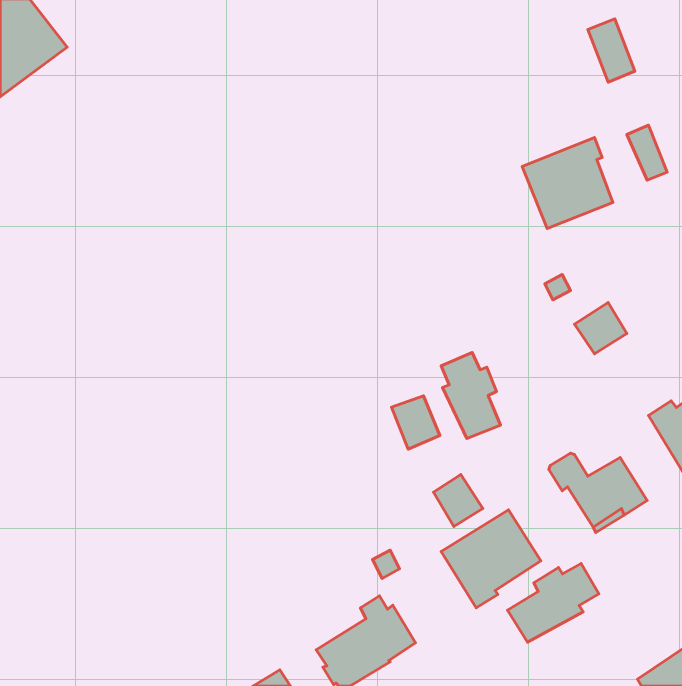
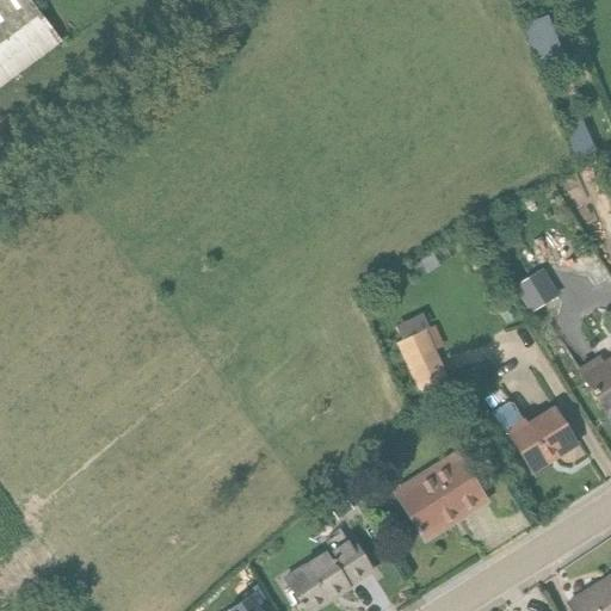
building: [522,138,613,229] -> none
building: [391,396,440,449] -> none
building: [434,475,483,527] -> none
building: [508,563,599,642] -> none

